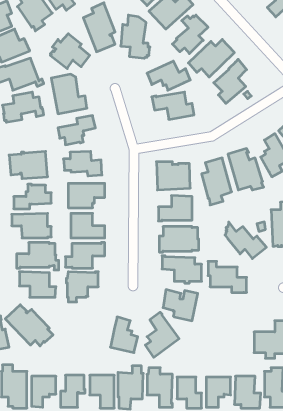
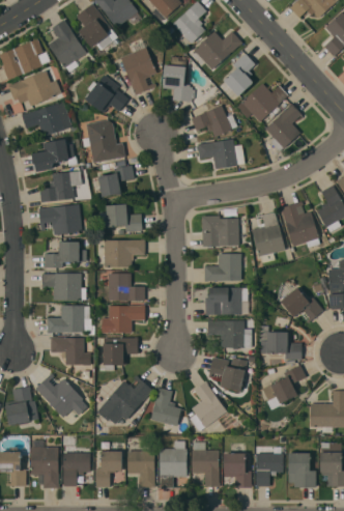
building: none -> [39,170,82,202]
building: none -> [262,365,307,408]
building: none -> [97,375,152,424]

